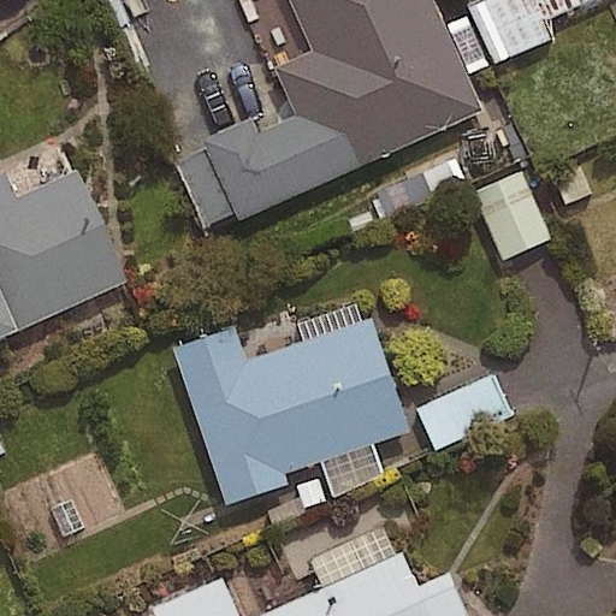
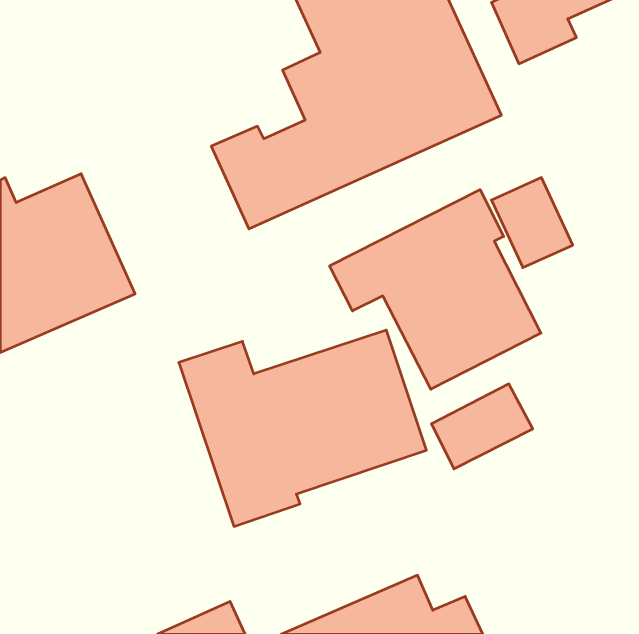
building: none -> [330,190,541,389]

